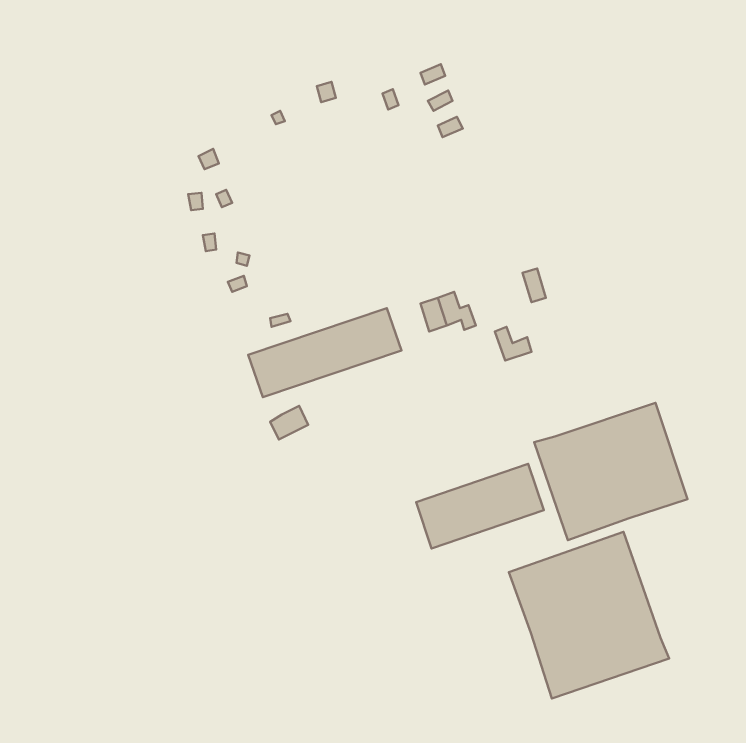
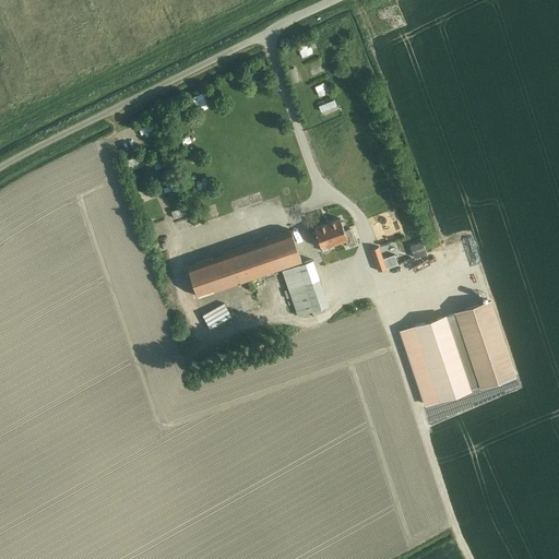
building: none -> [282,262,329,318]
building: [416,464,544,549] -> none
building: [509,532,669,698] -> none

